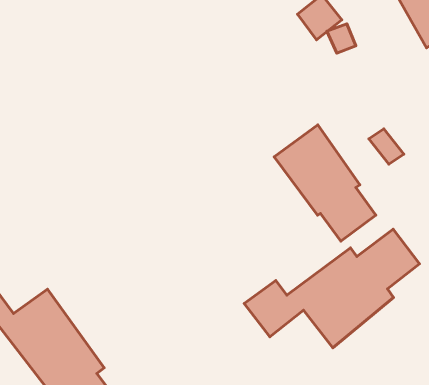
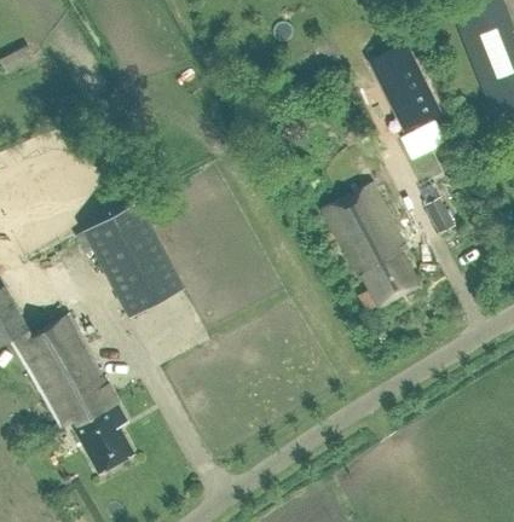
building: none -> [398,109,439,146]
building: none -> [83,201,186,318]
building: [244,229,420,348] -> none

